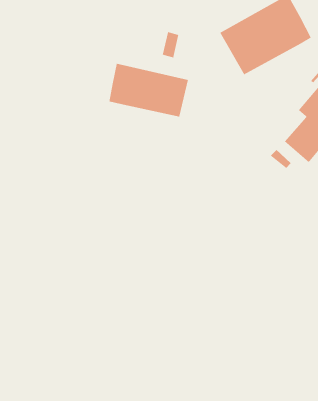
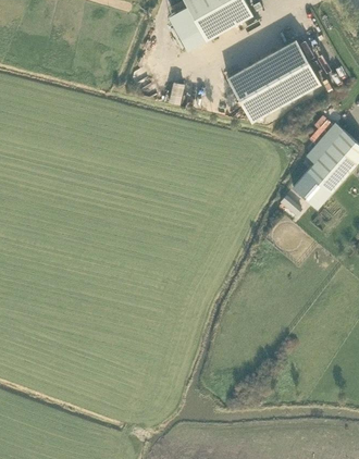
building: [108,63,189,118] -> none

